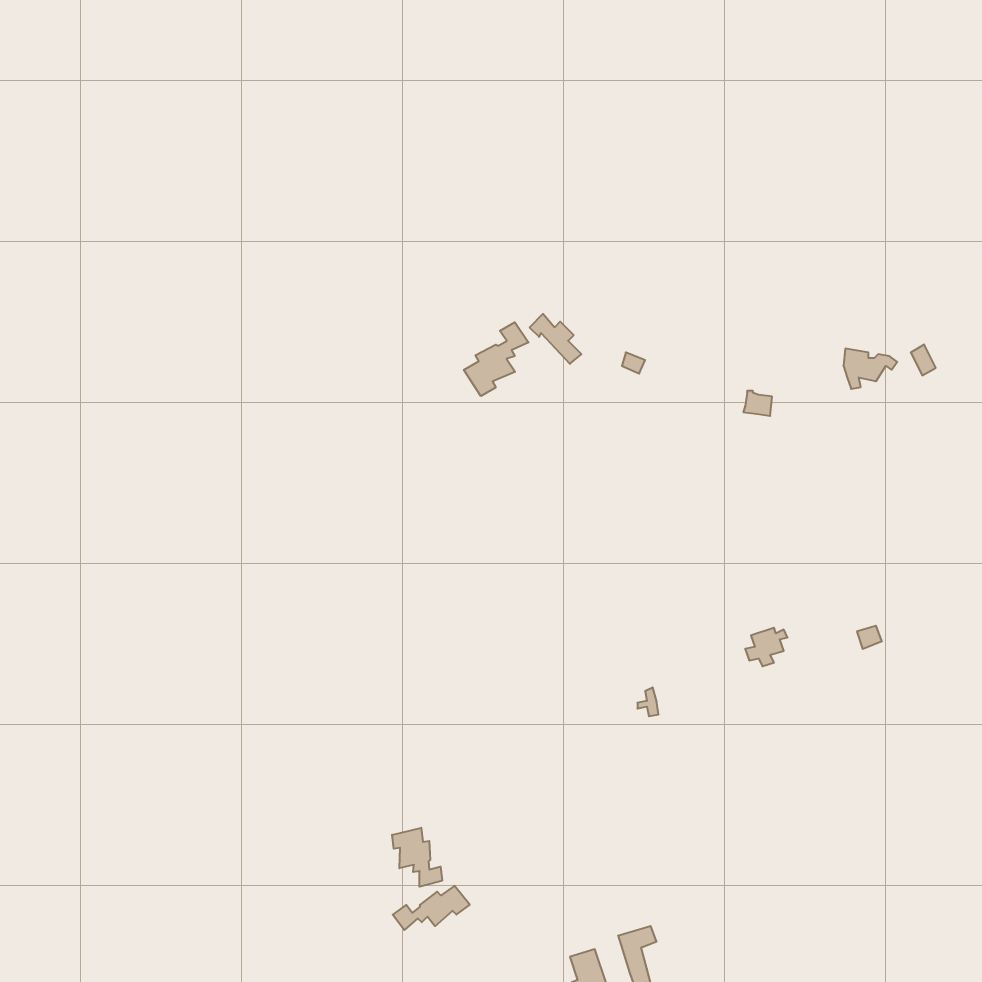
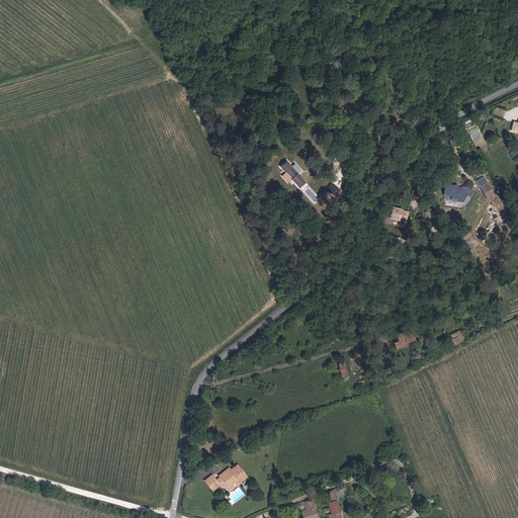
building: [464,322,529,396] -> none
building: [392,828,442,887] -> none

